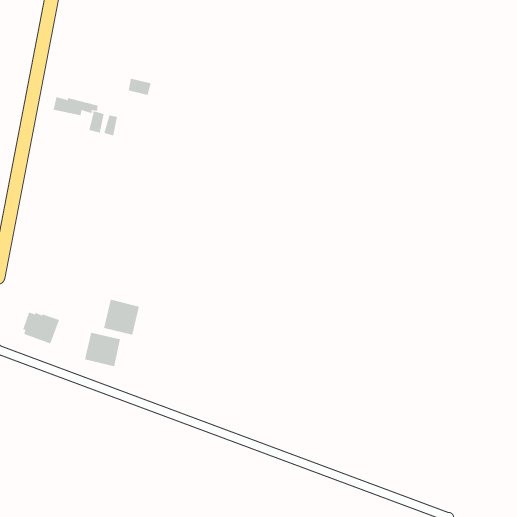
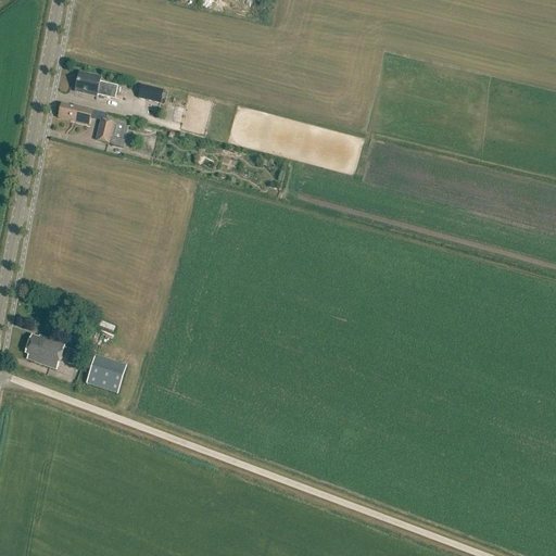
building: none -> [74,72,116,98]
building: [104,299,139,335] -> none

